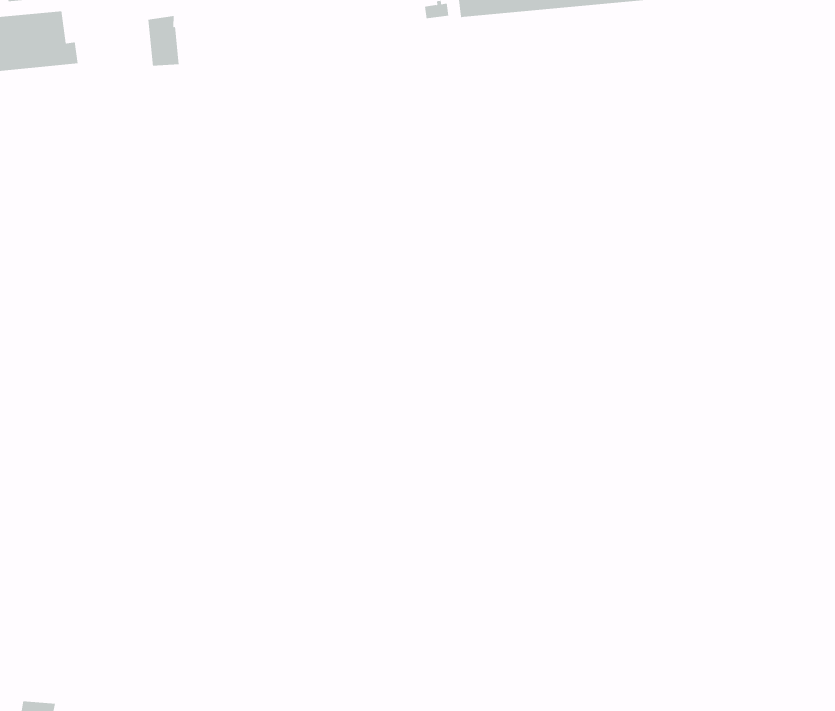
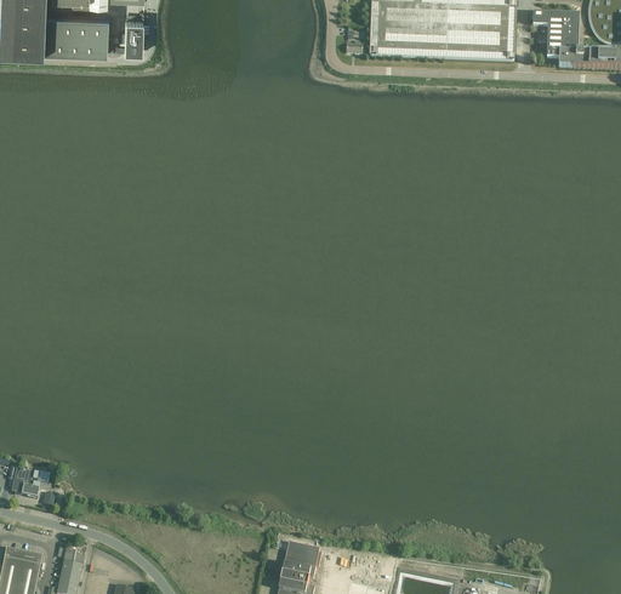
building: [148,16,179,66] -> [123,21,142,53]

